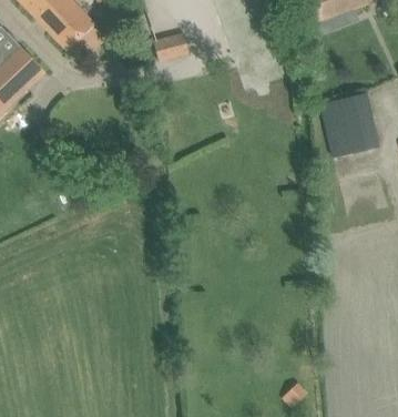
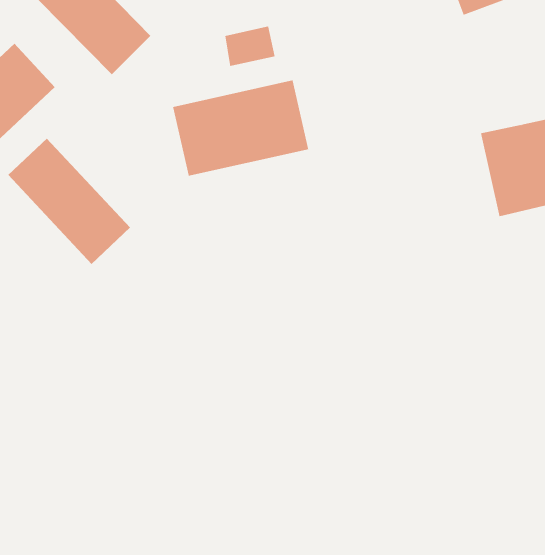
building: none -> [172,80,309,177]
building: none -> [8,138,131,265]

